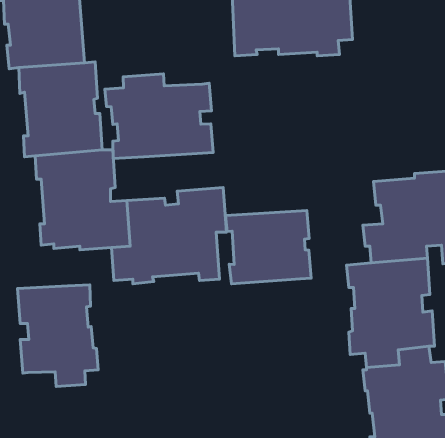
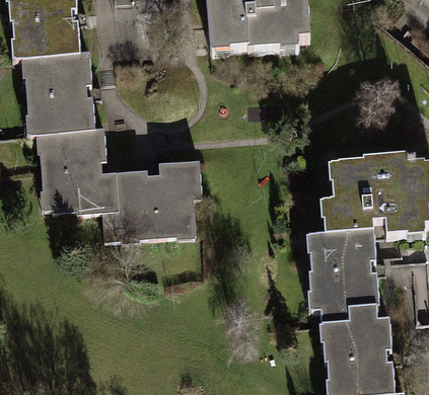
building: [105,74,213,159] -> none
building: [226,210,311,284] -> none
building: [17,285,98,386] -> none

